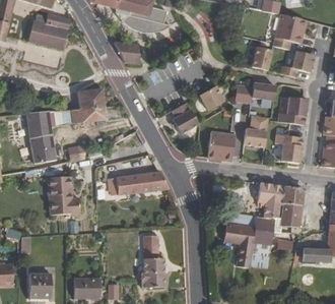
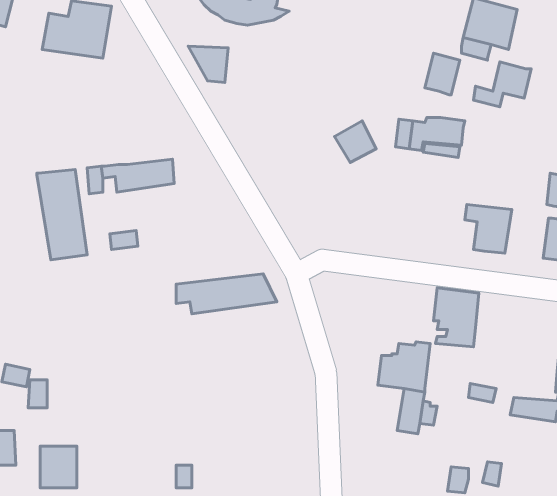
building: [77,89,105,110] -> none
building: [277,95,307,124] -> none
building: [172,101,197,131] -> none
building: [244,115,268,145] -> none
building: [207,130,234,160] -> none
building: [47,180,76,218] -> none
building: [252,185,304,244] -> none
building: [139,238,162,288] -> none
building: [72,280,98,298] -> none

